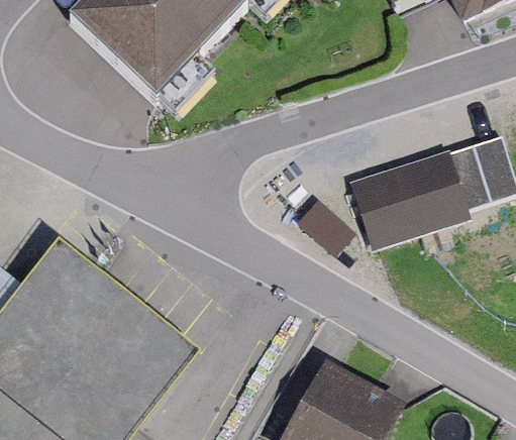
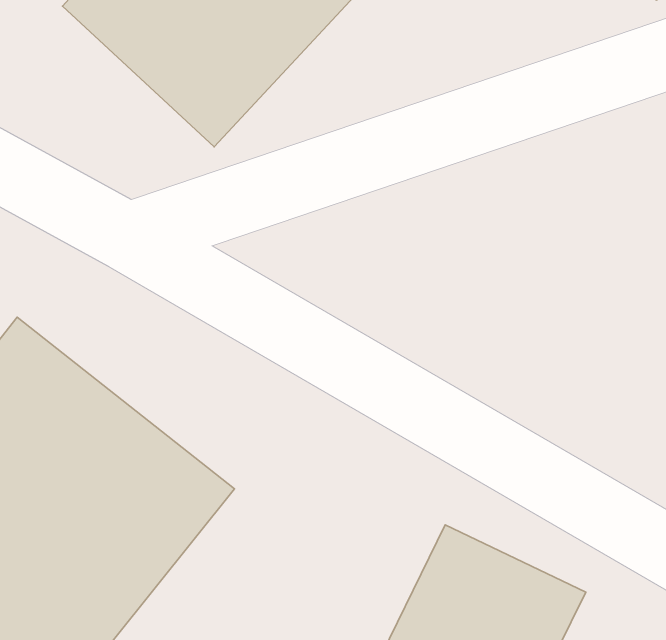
building: [345,139,463,240] -> none

